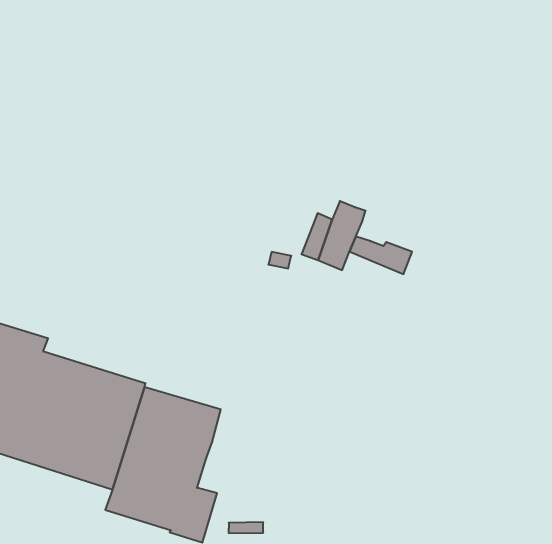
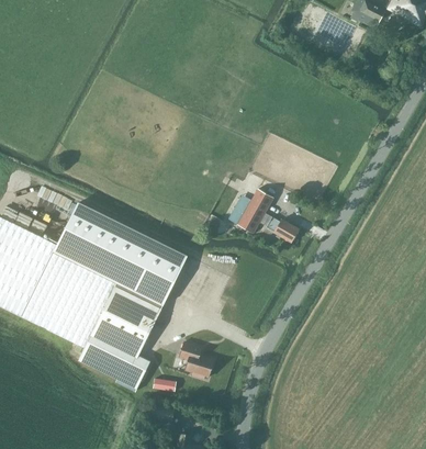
building: none -> [54,203,186,307]
building: none -> [179,341,213,379]

